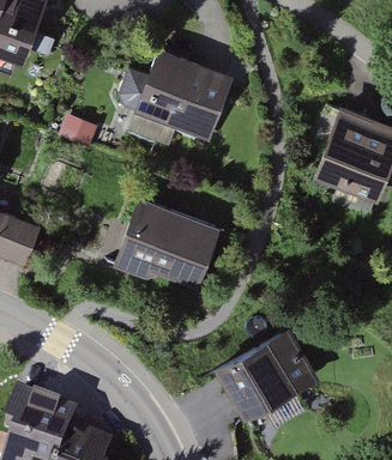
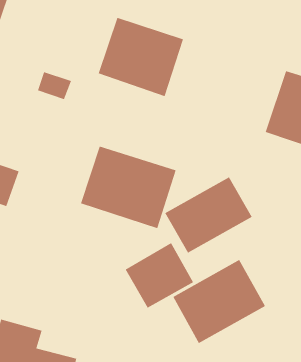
building: none -> [164,176,252,253]
building: none -> [125,242,194,309]

